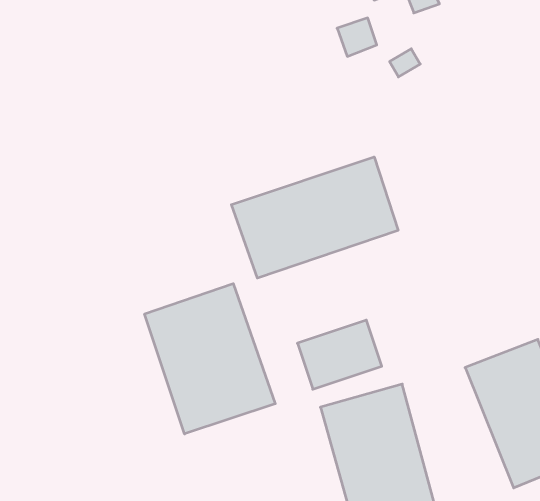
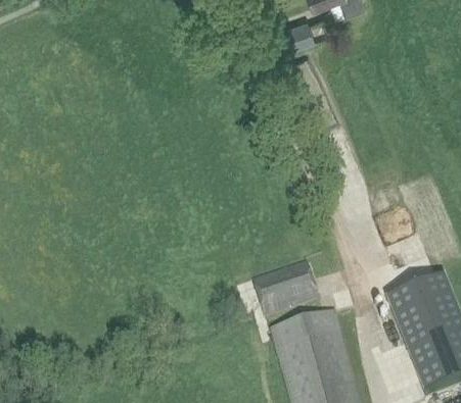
building: [231,157,398,278] -> none
building: [145,284,275,434] -> none

